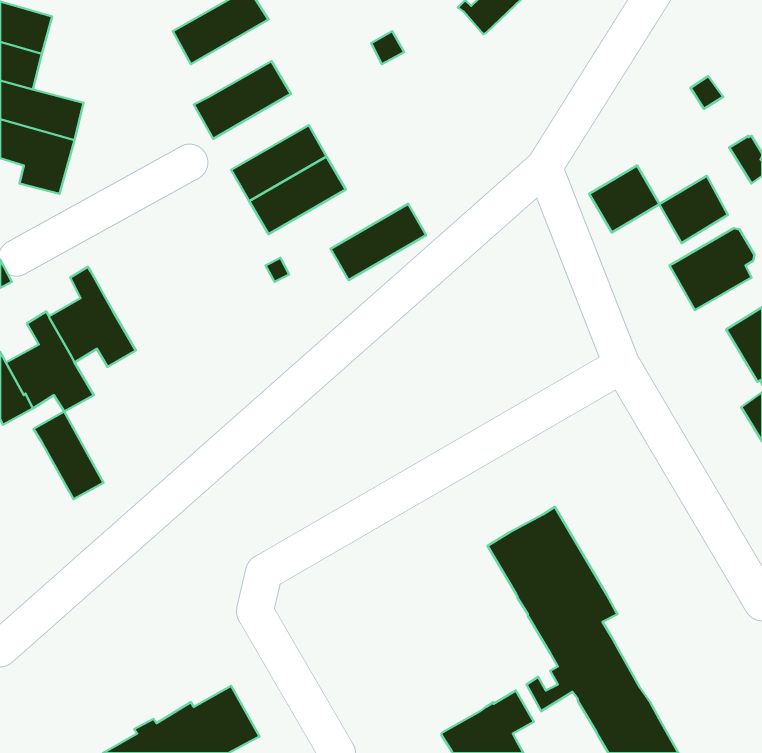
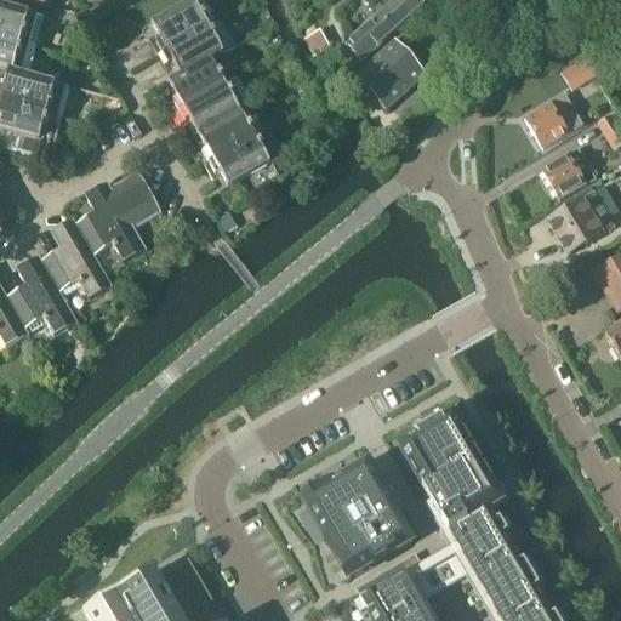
building: none -> [344,10,393,57]
building: none -> [155,16,233,79]
building: none -> [354,39,423,107]
building: [589,165,659,232] -> [523,92,580,147]
building: [331,204,426,280] -> [173,76,251,138]
building: none -> [74,169,160,262]
building: [33,412,104,499] -> none
building: none -> [302,462,411,577]

